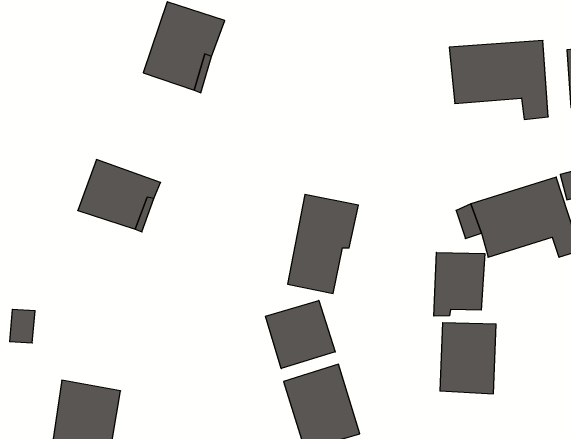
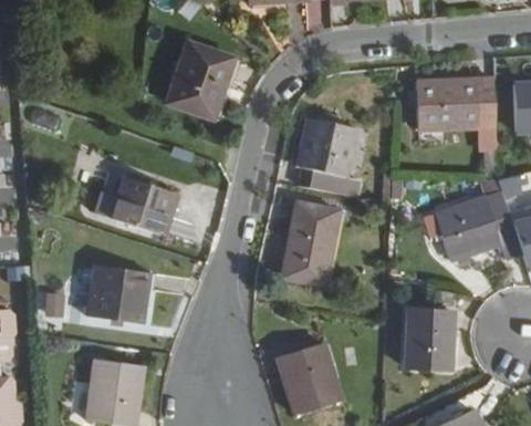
building: none -> [299,116,360,196]
building: [434,252,485,316] -> none
building: none -> [85,261,149,322]
building: [266,300,335,369] -> none

